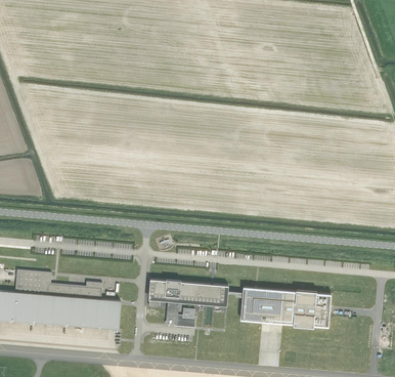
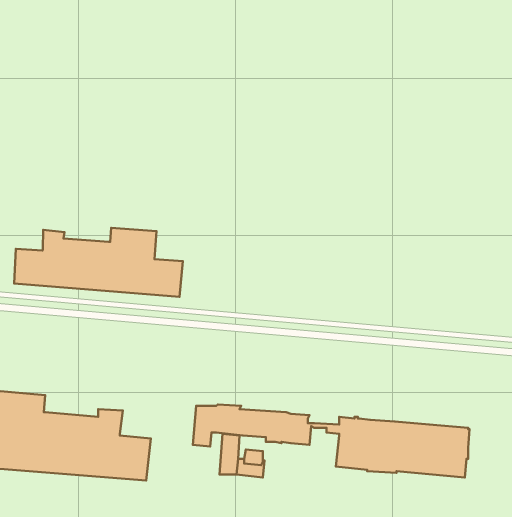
building: none -> [14,228,183,297]

